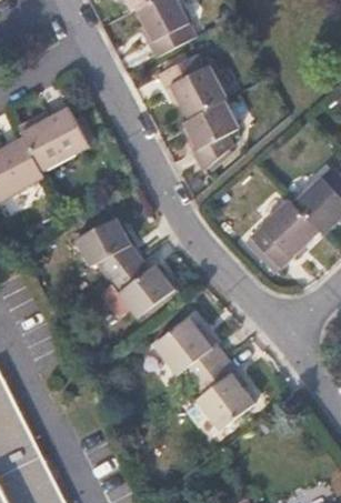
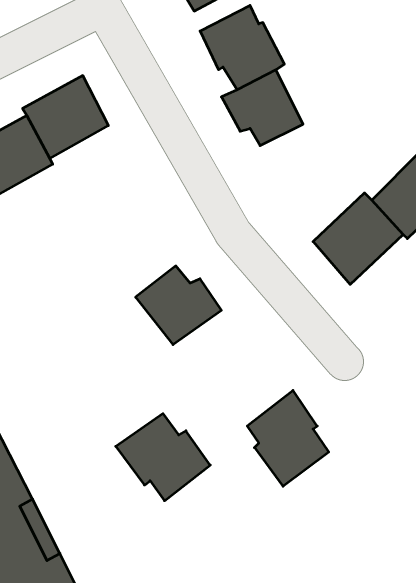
building: [76,217,141,280] -> none
building: [159,312,232,380] -> [116,414,210,501]

